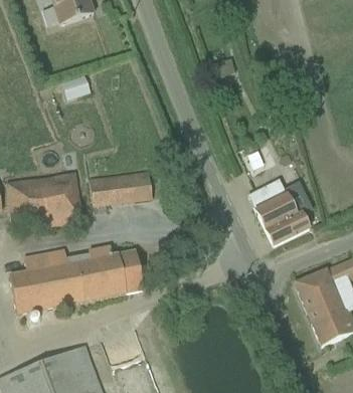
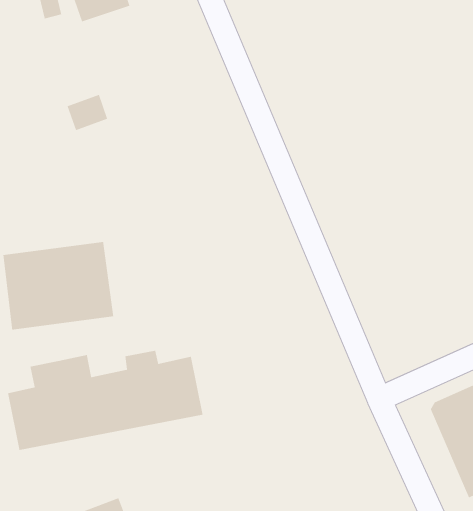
building: [87,170,150,206] -> none
building: [246,178,308,244] -> none

